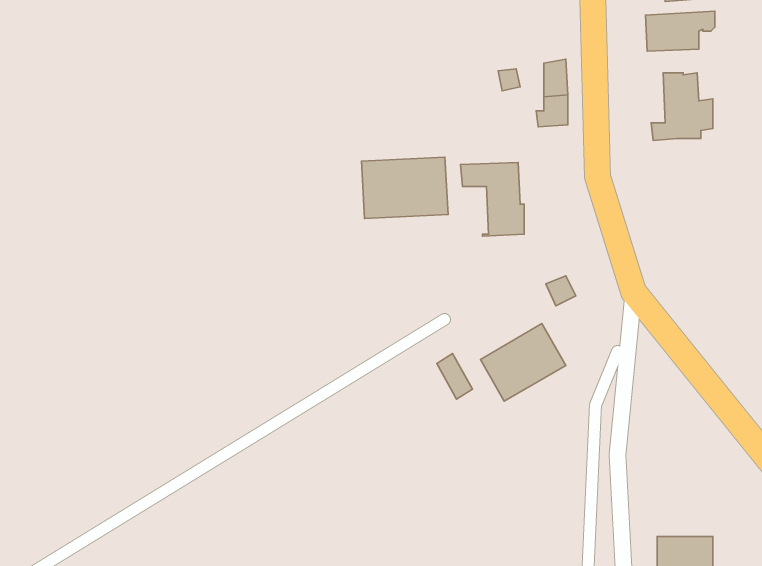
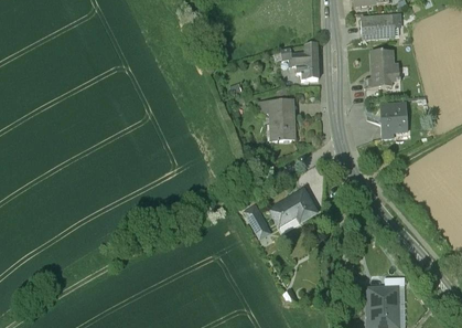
building: [362,157,448,219] -> none
building: none -> [382,104,407,138]
building: none -> [367,285,399,307]

